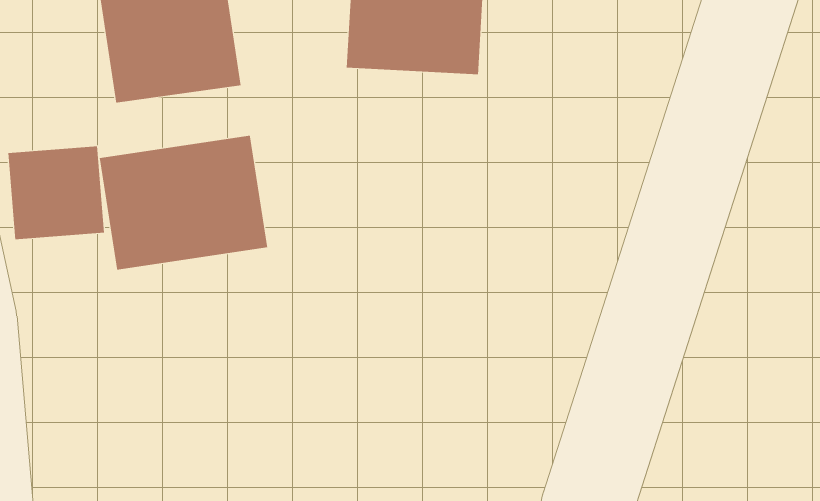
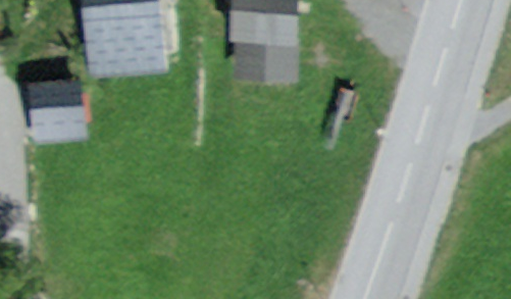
building: [99,135,268,271] -> none

